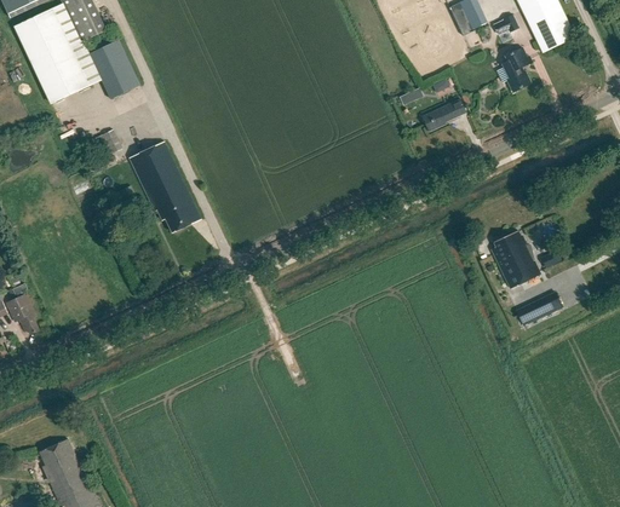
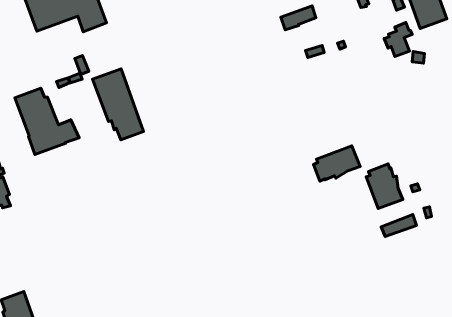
building: [420,97,465,131] -> [281,6,316,30]
building: none -> [15,88,79,154]
building: none -> [313,146,360,181]

